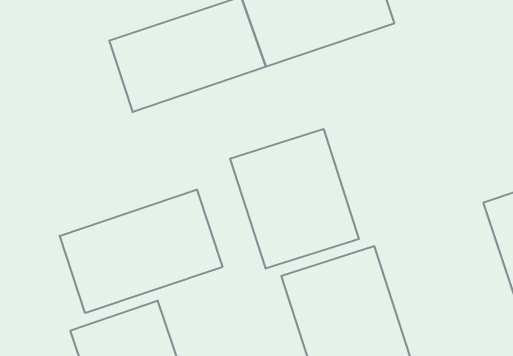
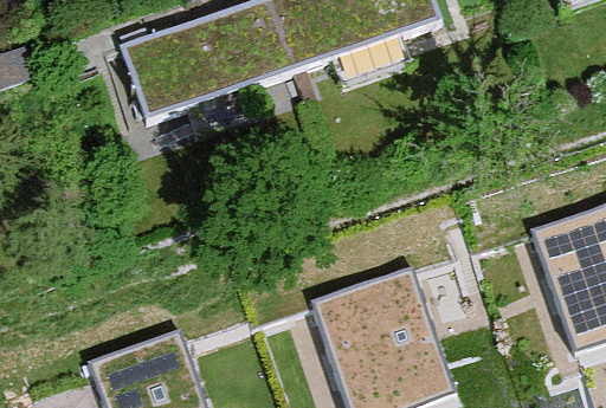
building: [230,129,359,269] -> none
building: [60,190,222,313] -> none

